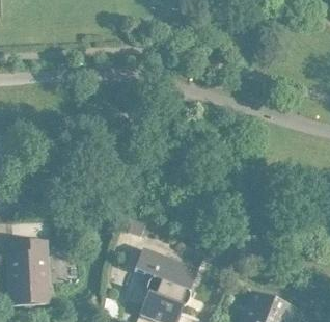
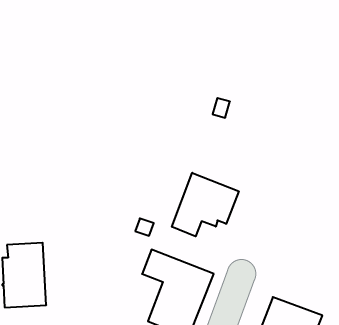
building: none -> [172,173,239,236]

